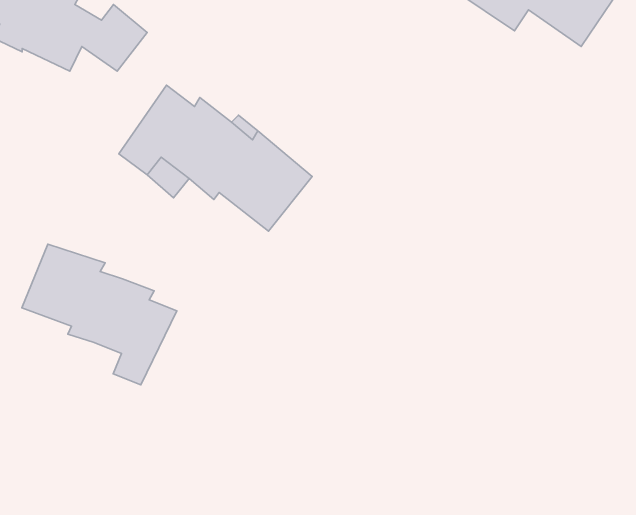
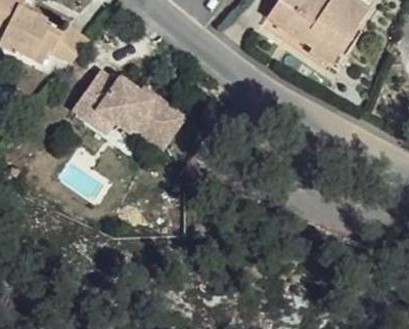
building: none -> [299,26,342,65]
building: [22,244,177,385] -> none

